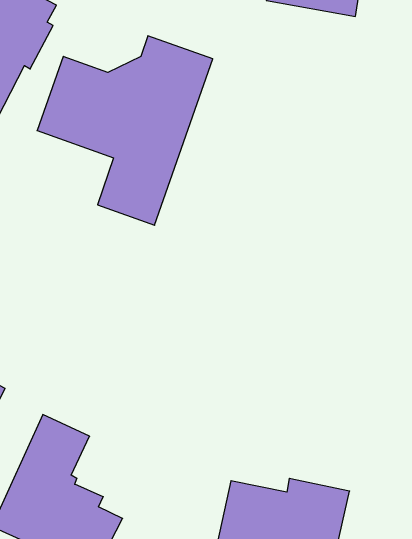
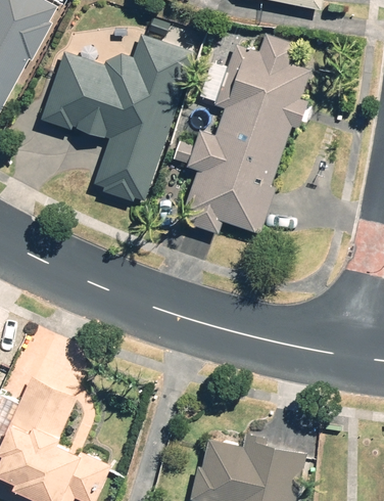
building: none -> [181,34,307,236]

